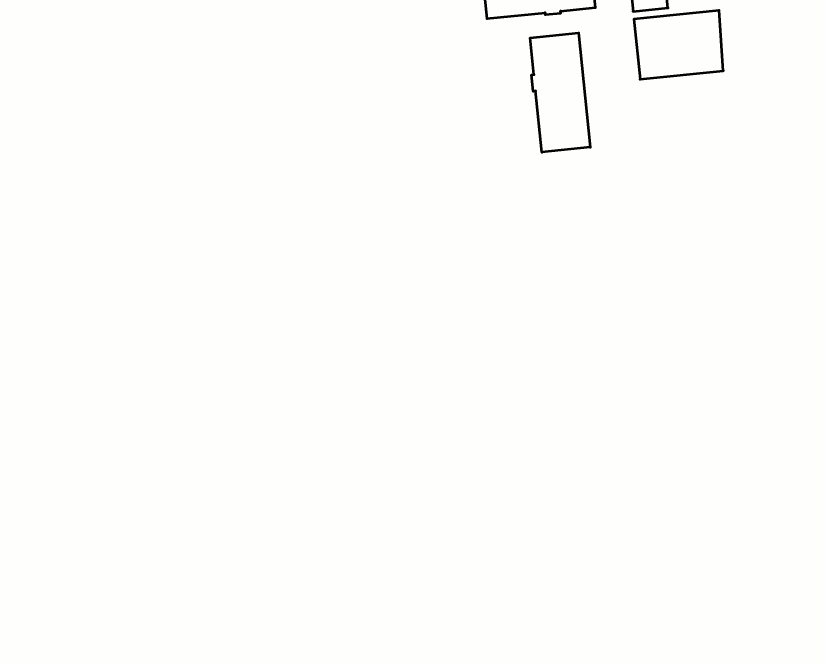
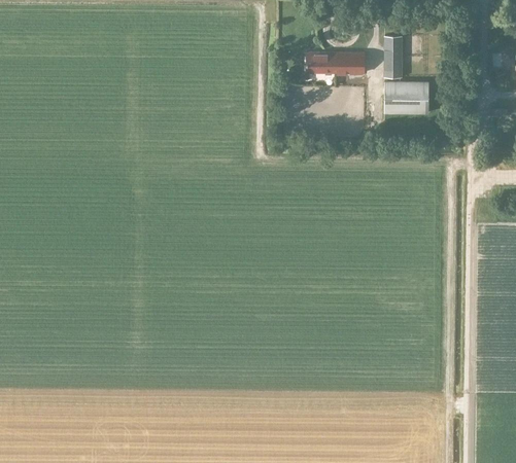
building: [530,33,590,152] -> none

